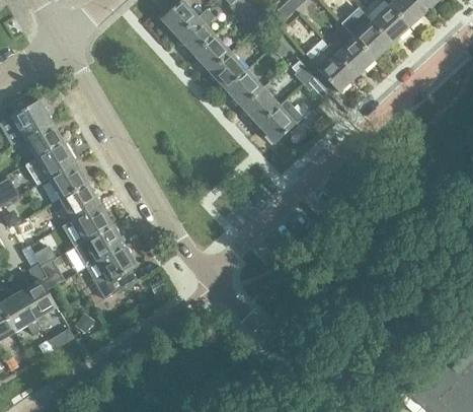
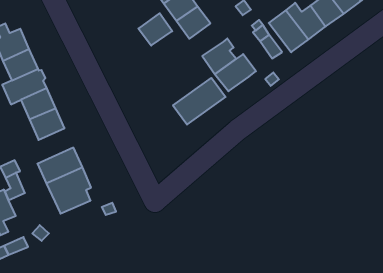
building: [225,70,262,107] -> [138,13,172,46]
building: none -> [173,78,226,125]
building: [62,203,111,246] -> none

